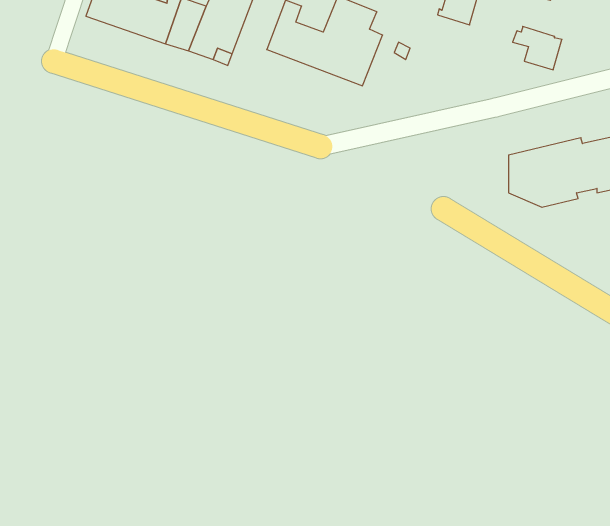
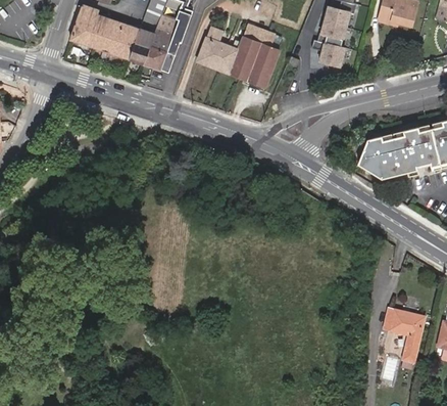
building: [513,26,562,70] -> [310,39,345,70]
building: none -> [384,310,426,361]

